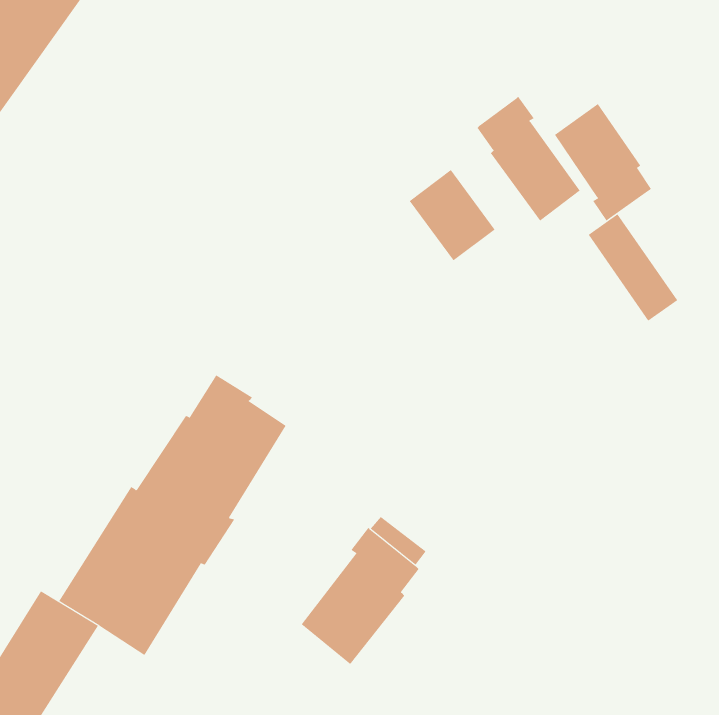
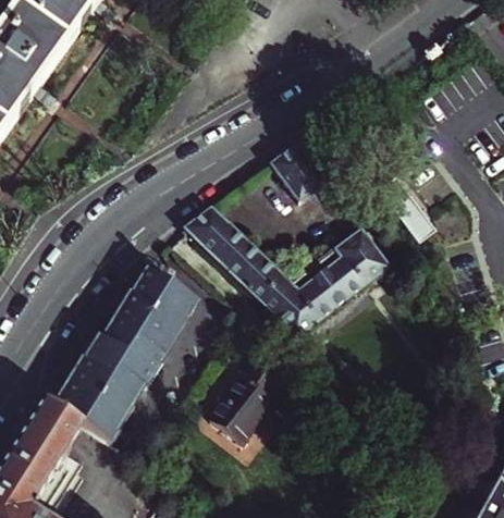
building: [477,96,580,221] -> none
building: [554,103,652,221] -> none
building: none -> [186,207,389,344]

